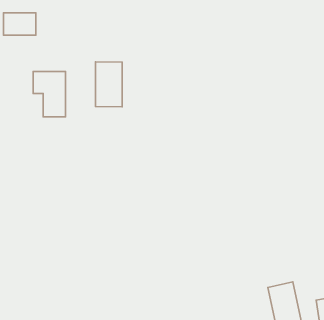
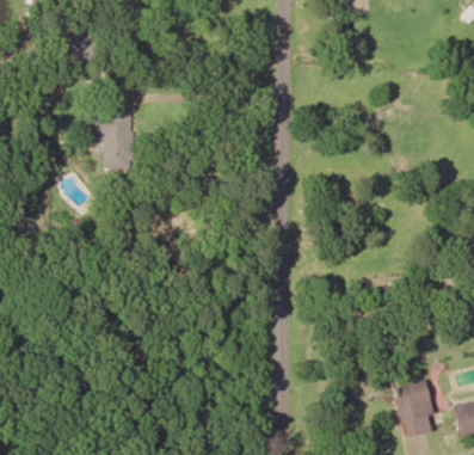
building: [96,62,122,107] -> none

